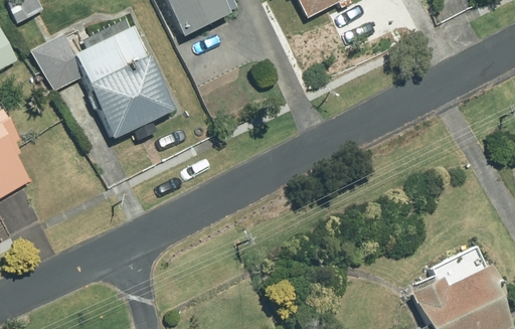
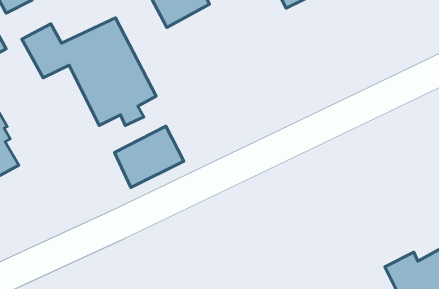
building: none -> [115,126,184,188]

